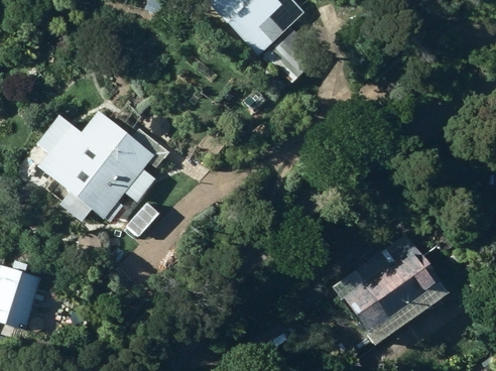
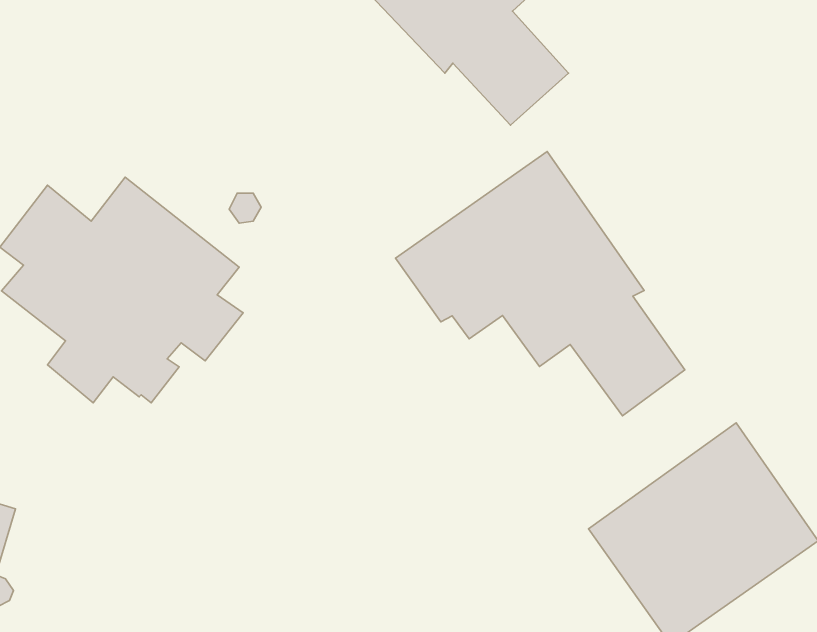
building: none -> [396,152,685,416]

